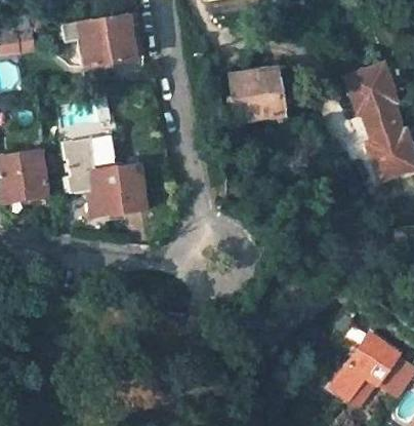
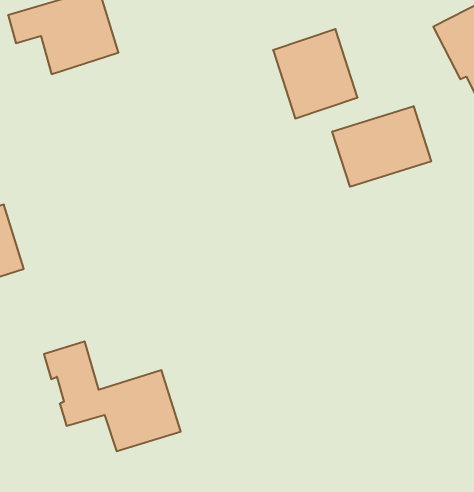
building: none -> [332,106,431,187]
building: [61,138,144,215] -> [44,341,181,451]

